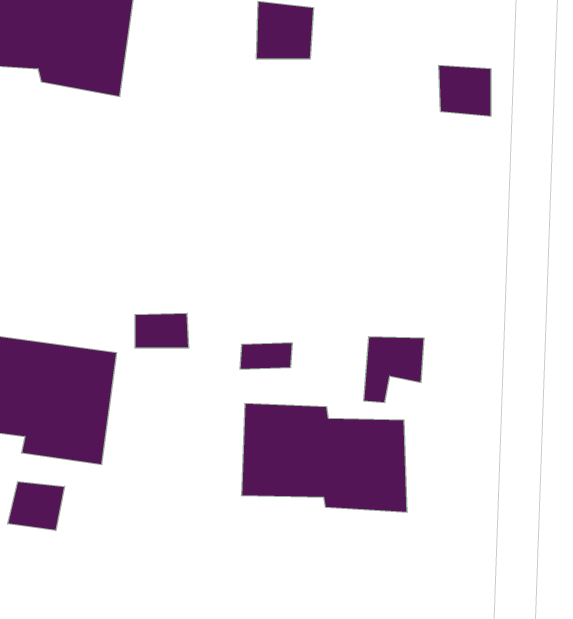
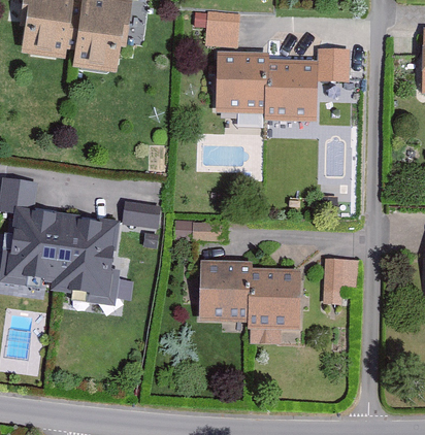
building: none -> [211,52,313,121]
building: [364,337,424,402] -> [324,260,362,301]
building: [8,482,65,531] -> none

